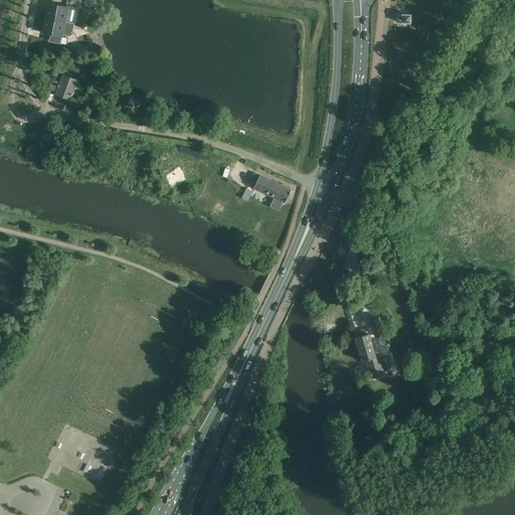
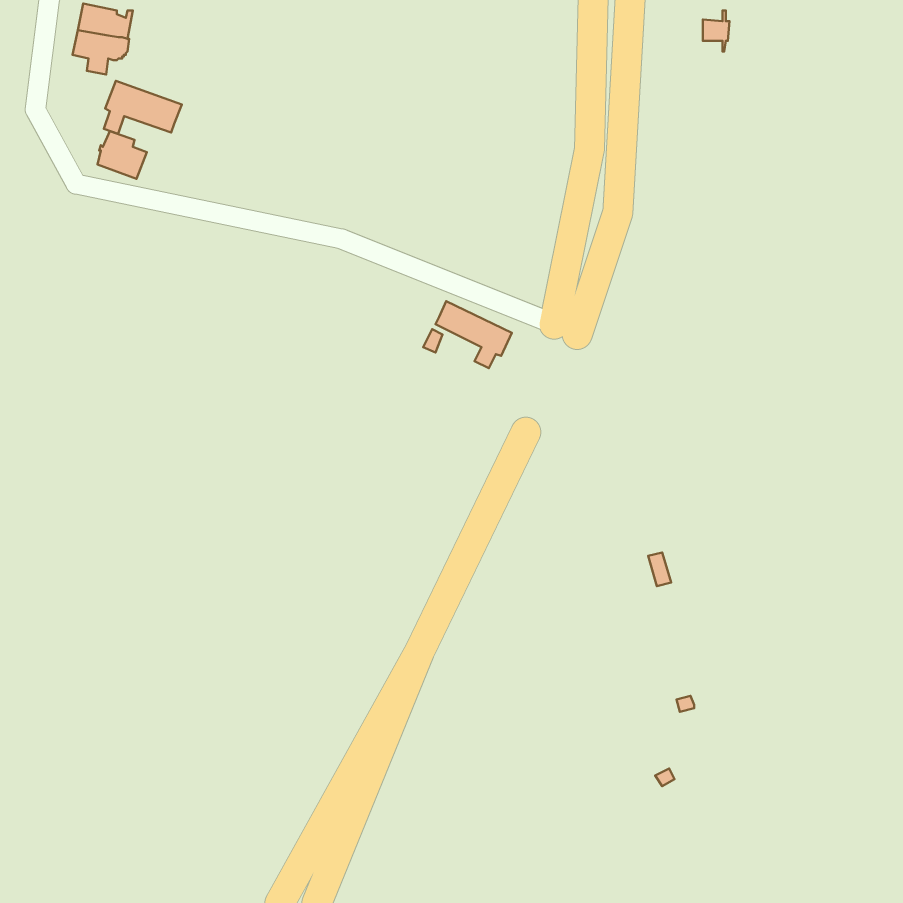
building: none -> [104,81,182,134]
building: [354,329,391,378] -> none

